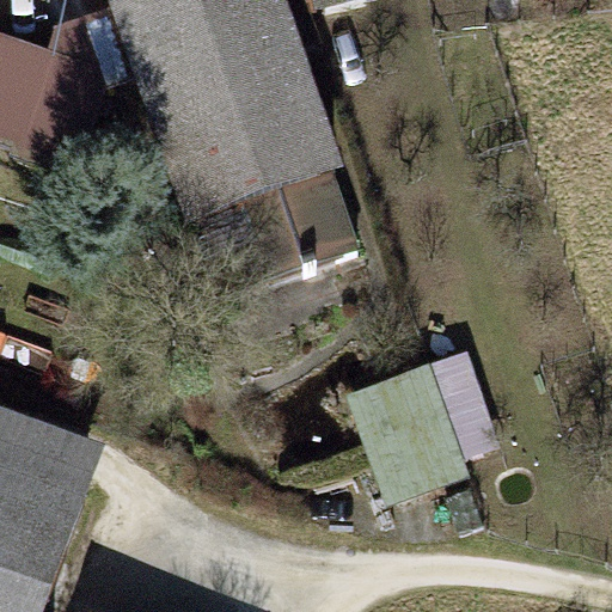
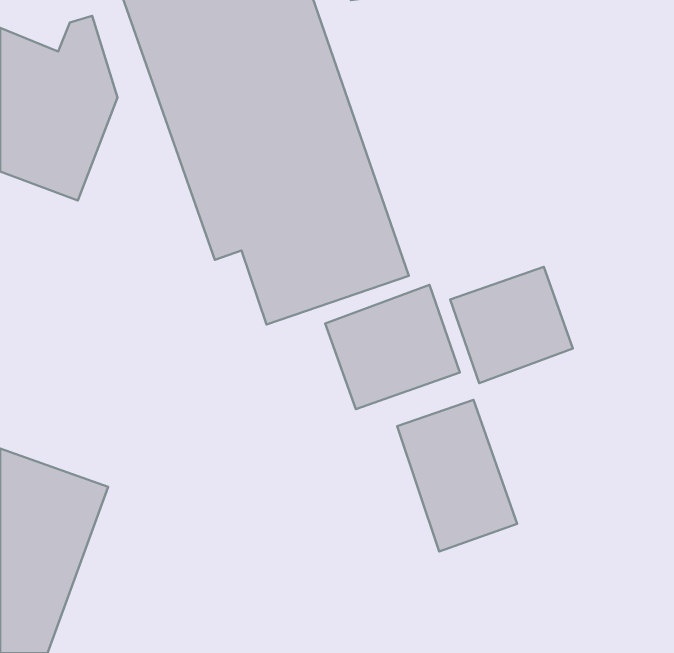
building: none -> [450,267,573,383]
building: none -> [325,285,460,409]

